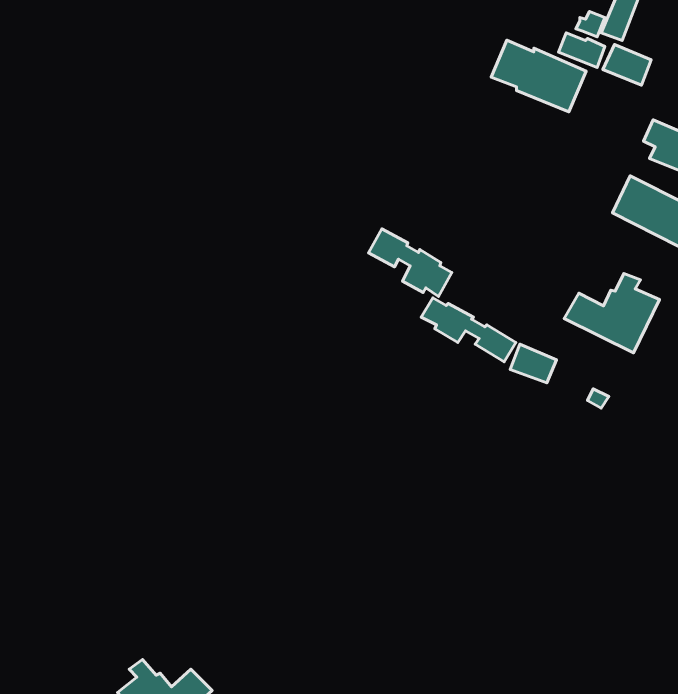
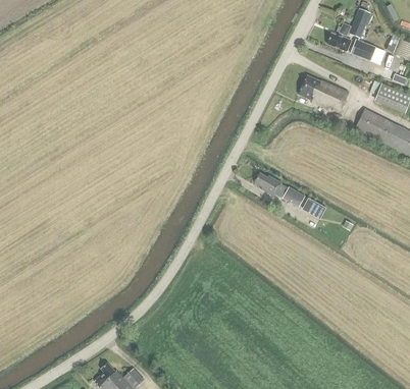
building: [491,40,586,112] -> [298,75,348,113]
building: [368,229,452,297] -> none
building: [564,273,659,353] -> none

